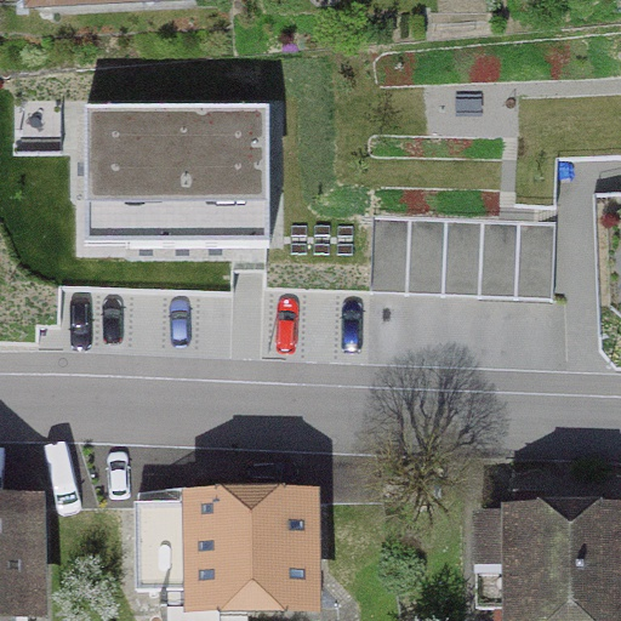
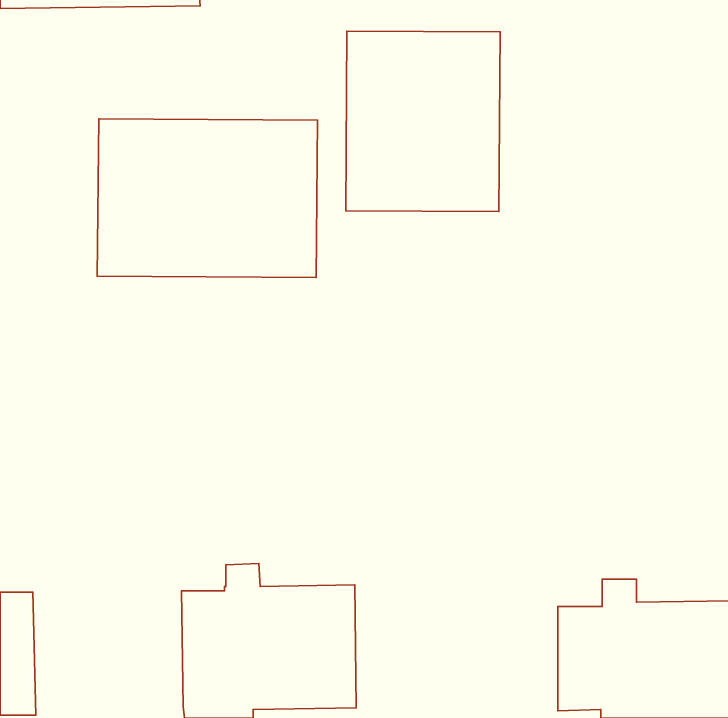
building: none -> [346,31,500,212]

